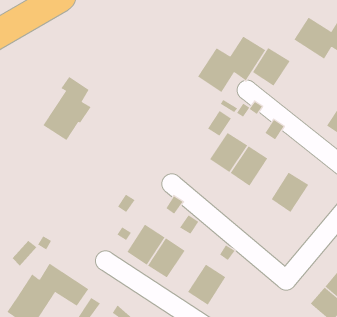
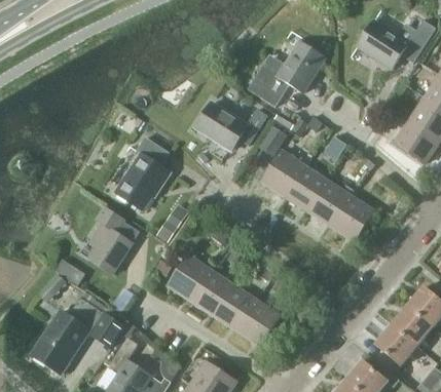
building: [252,47,290,87] -> none
building: [42,76,91,141] -> [115,136,171,209]
building: none -> [195,102,267,150]
building: none -> [307,180,351,226]
building: none -> [88,205,133,273]
building: none -> [214,284,257,330]

